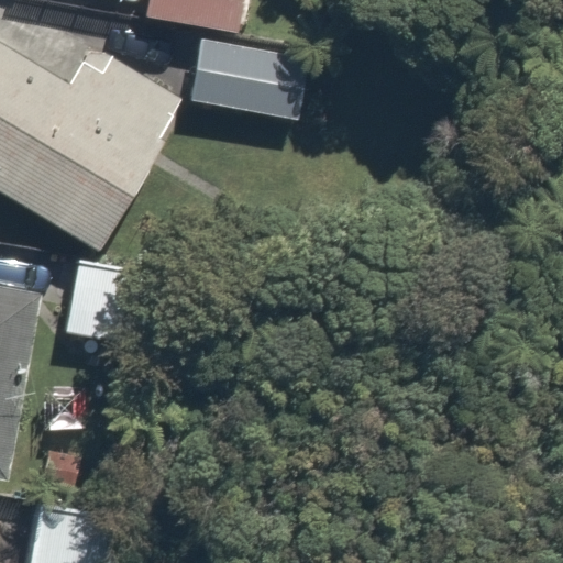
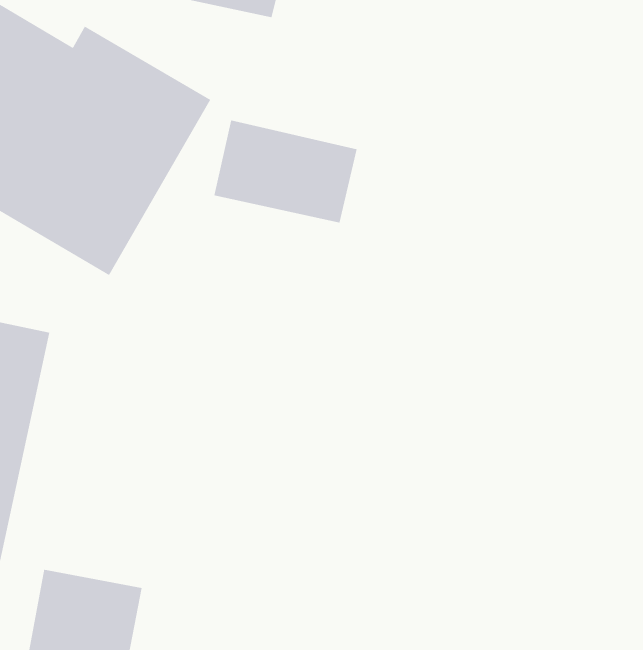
building: [181,33,301,119] -> [213,120,357,223]

